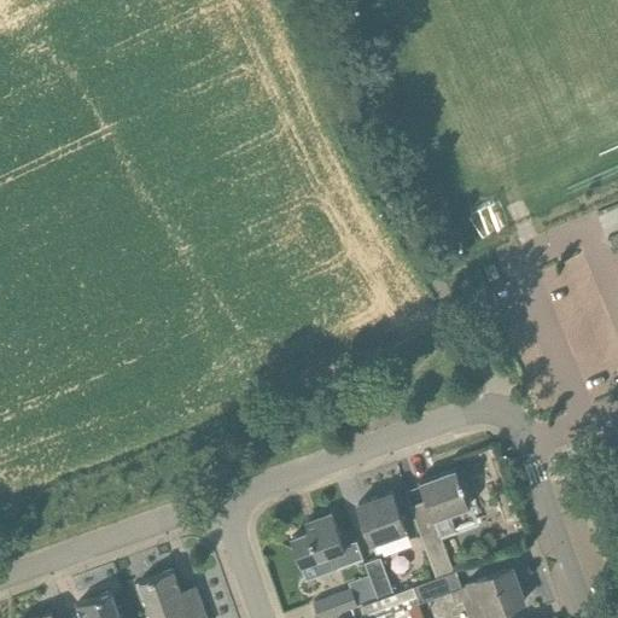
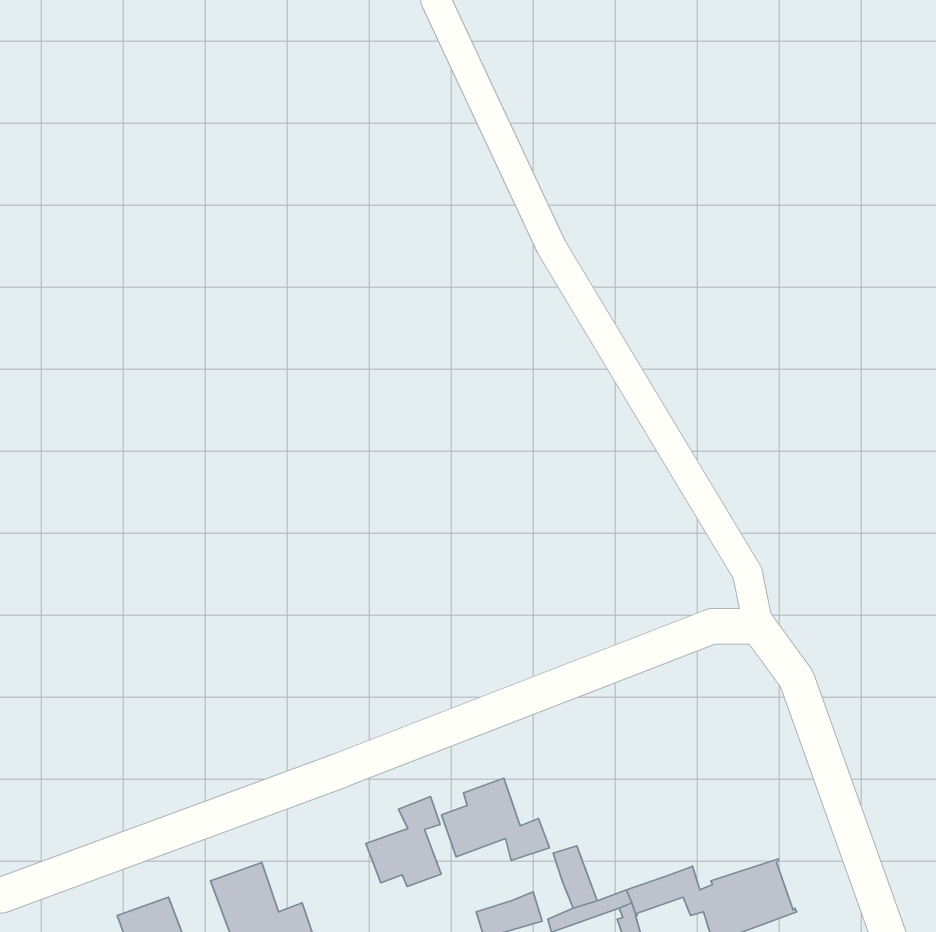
building: [410,470,470,581] -> none
building: [358,494,409,555] -> none
building: none -> [366,797,441,886]

